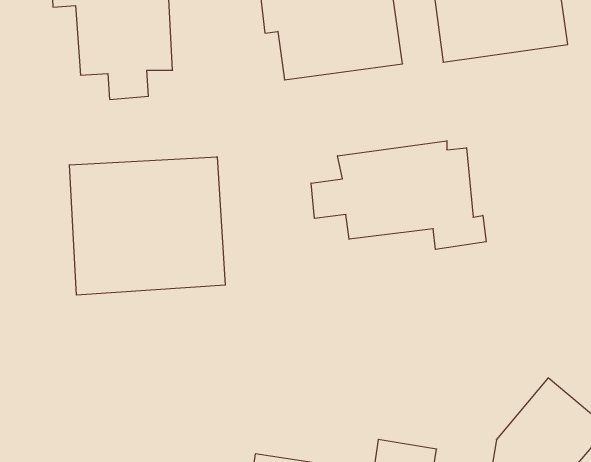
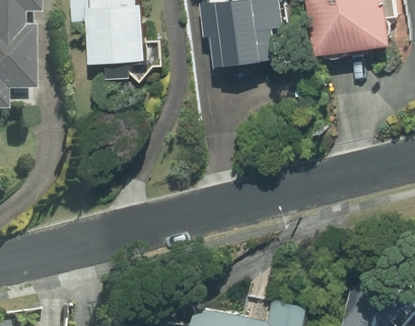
building: [311,141,486,249] -> none
building: [69,157,225,295] -> none

